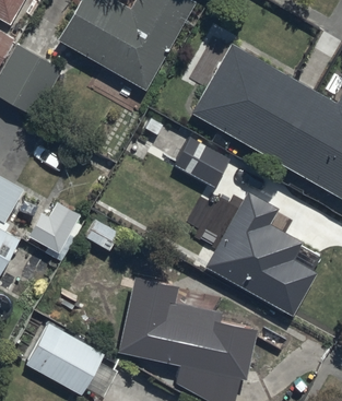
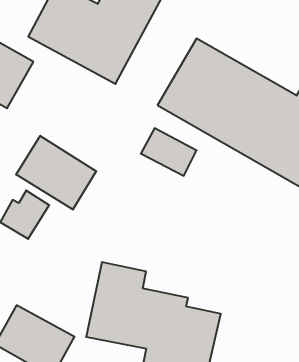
building: none -> [16,136,96,210]
building: [202,188,326,317] -> none

